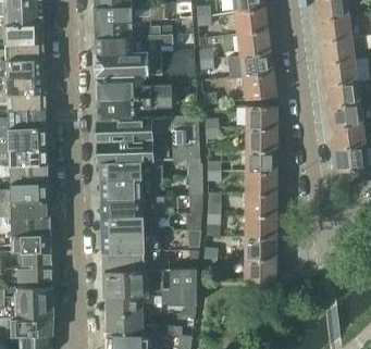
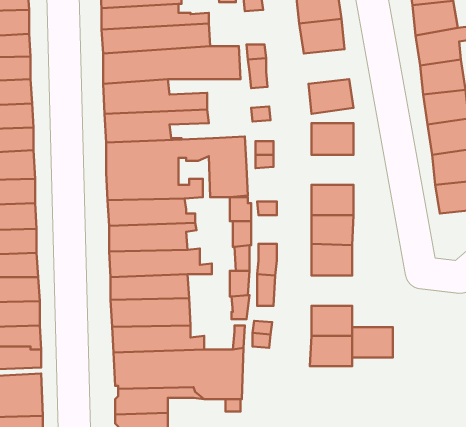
building: [240,53,273,78] -> none
building: [246,129,276,151] -> none
building: [246,216,275,238] -> [352,327,393,357]

